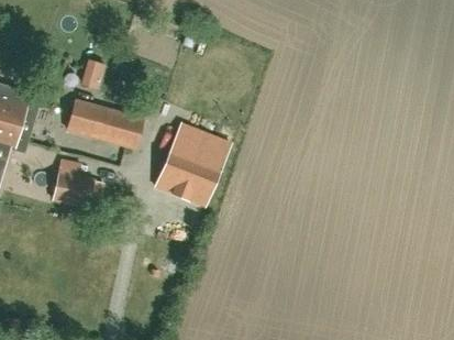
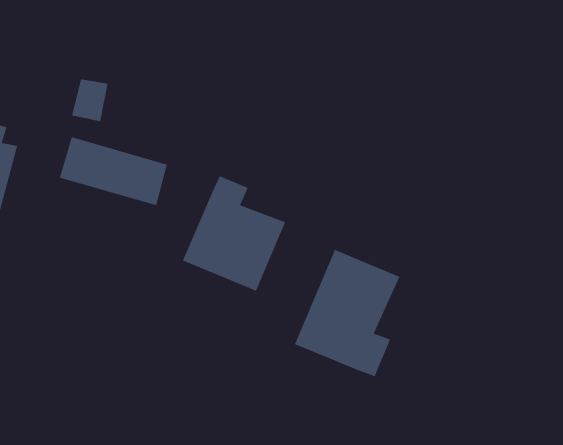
building: [52,171,95,207] -> none
building: none -> [294,249,400,377]

